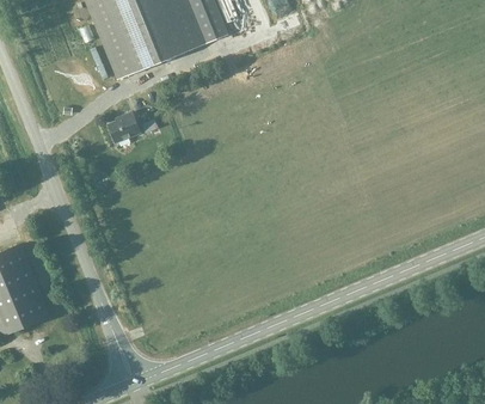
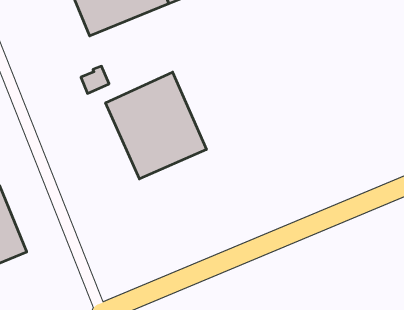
building: none -> [106,72,206,179]

